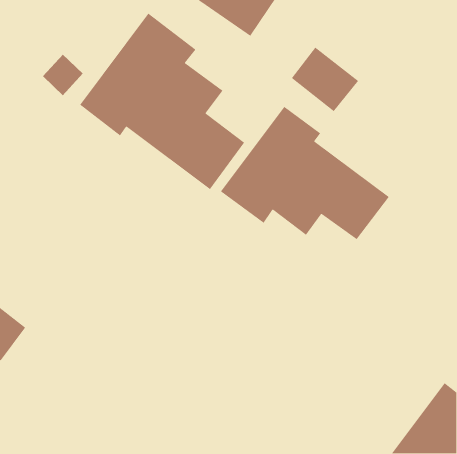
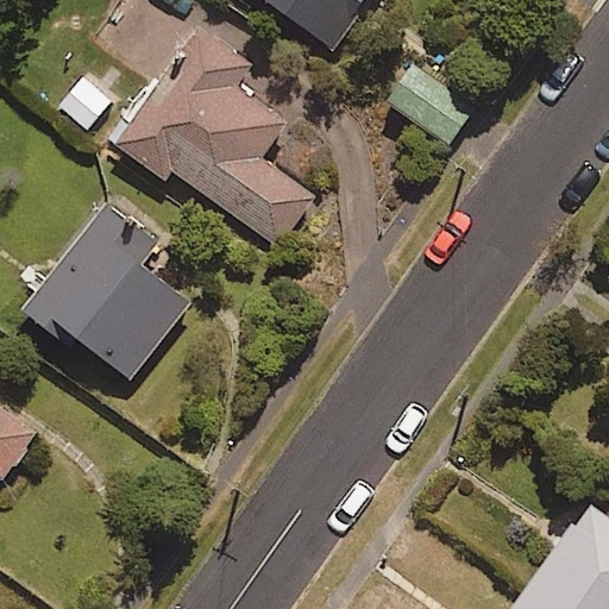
building: [220,106,390,240] -> none
building: none -> [29,207,187,382]

